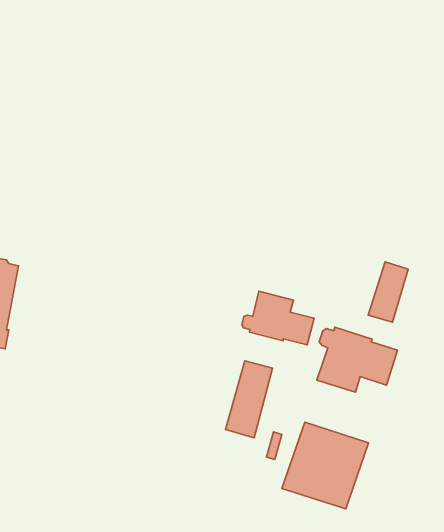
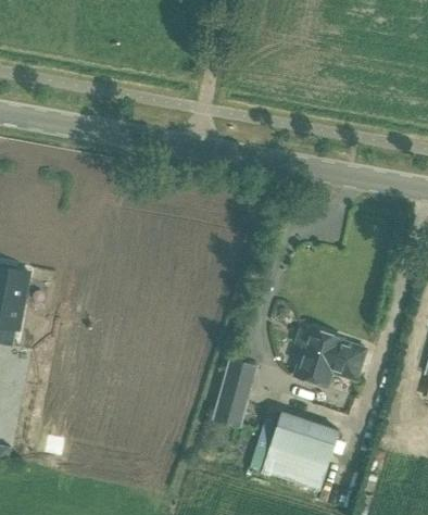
building: [368,262,408,322] -> none
building: [242,291,314,345] -> none

